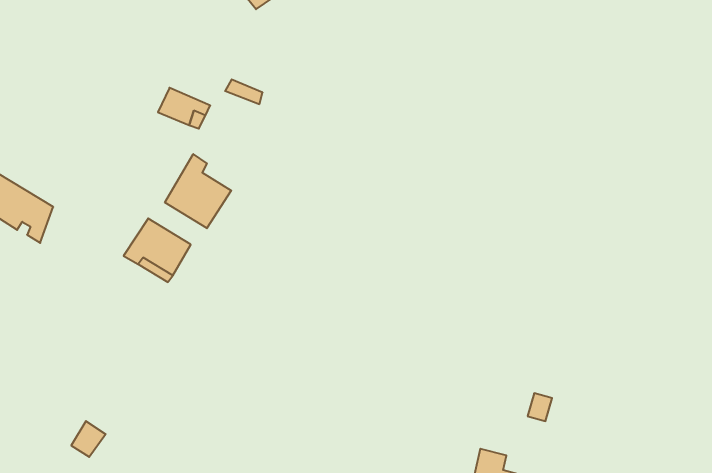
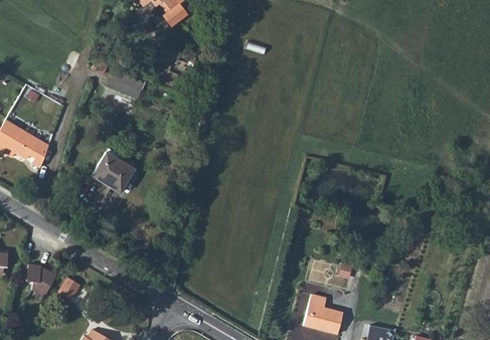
building: [165,154,231,228] -> none
building: none -> [26,264,56,296]

